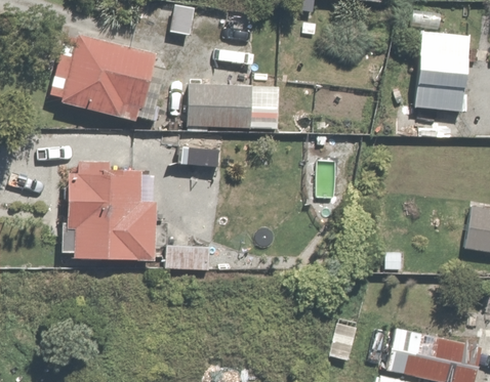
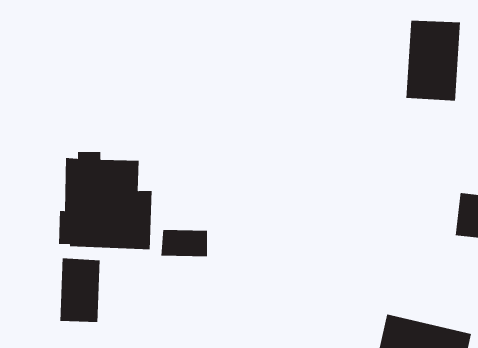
building: [51,35,158,126] -> none
building: [188,80,279,129] -> none
building: none -> [60,258,100,323]

